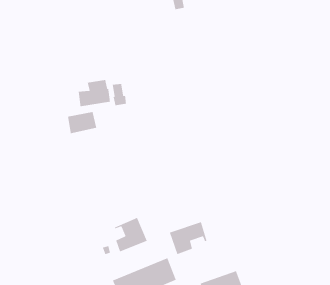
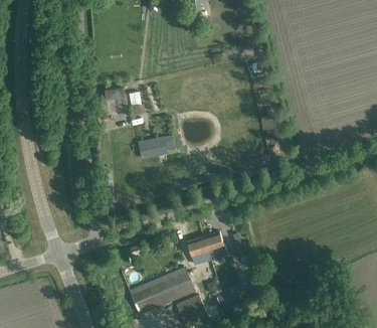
building: [67,111,97,134] -> [139,137,169,160]
building: [114,217,148,253] -> none

